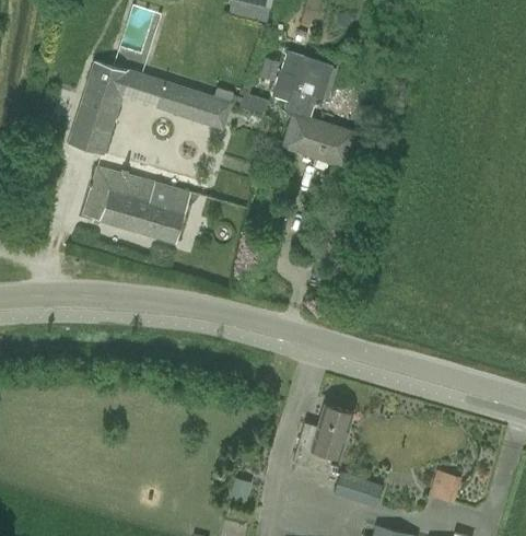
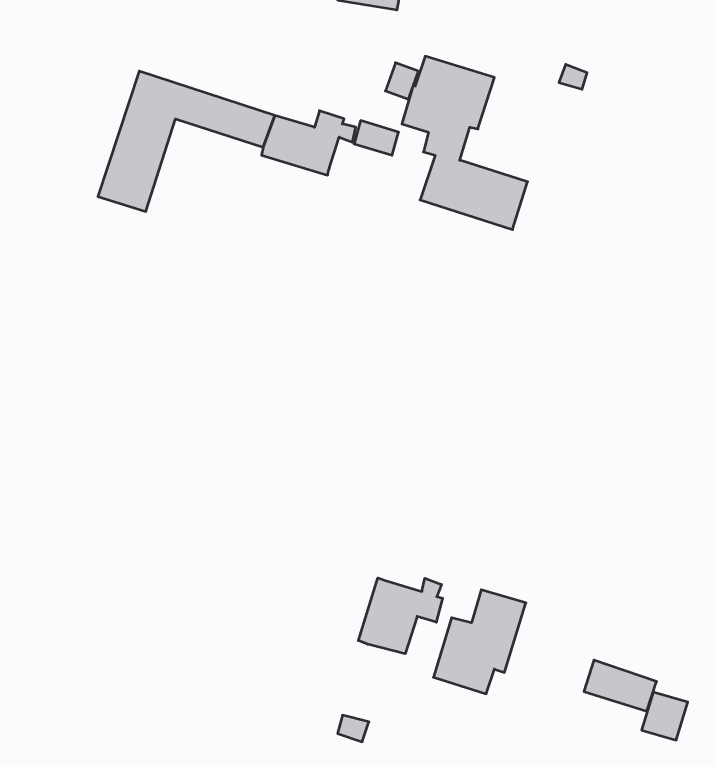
building: [83,167,190,243] -> none
building: none -> [358,578,443,654]
building: [334,471,382,505] -> [584,660,657,711]

